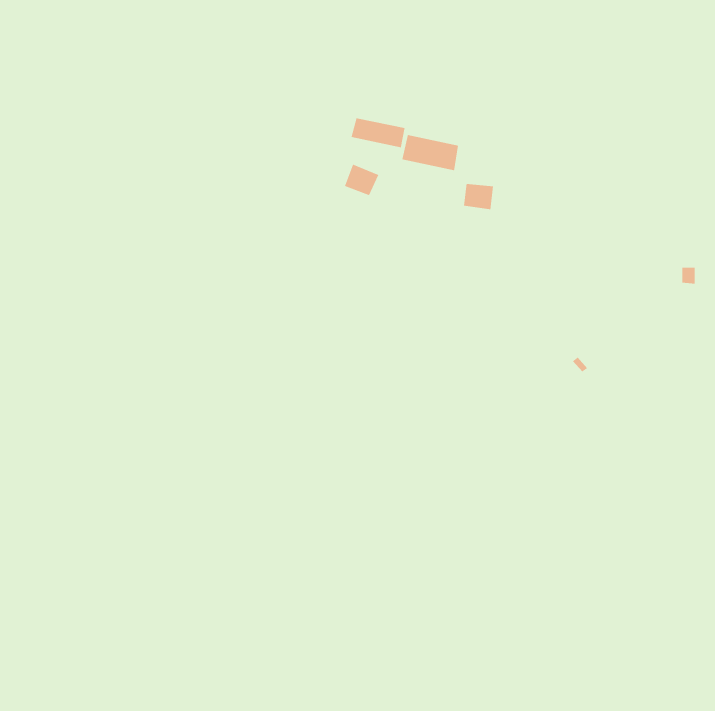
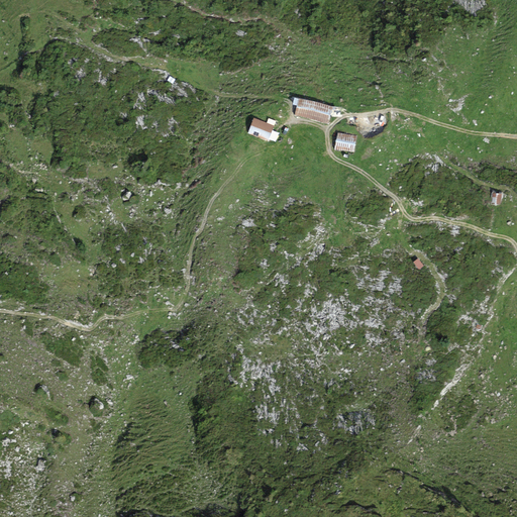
building: [351,117,405,148] -> none

